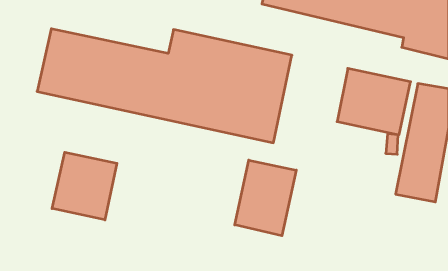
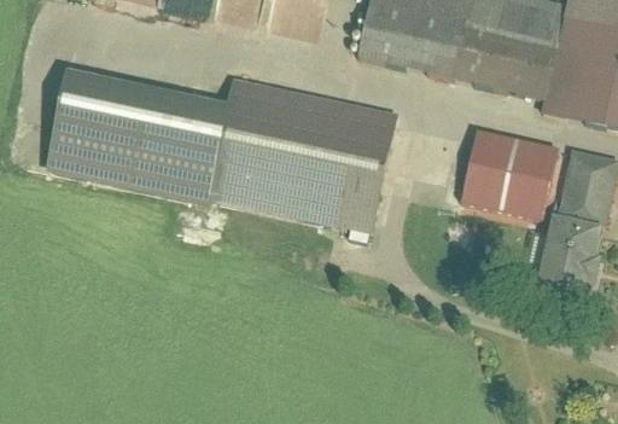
building: [52,152,117,220] -> none
building: [235,160,296,236] -> none

